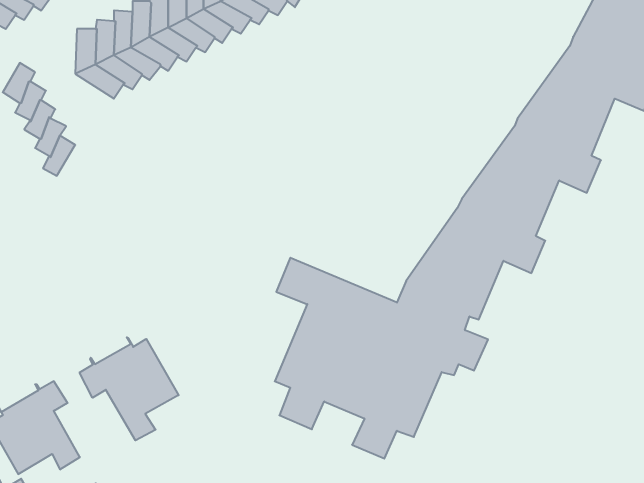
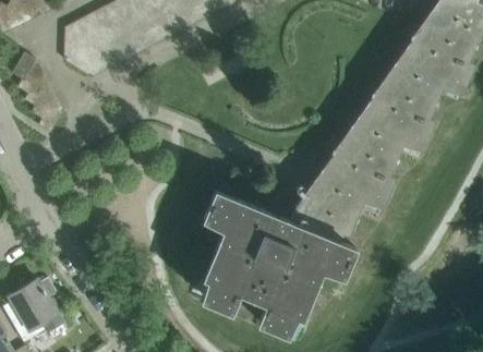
building: [80,337,179,440] -> none

